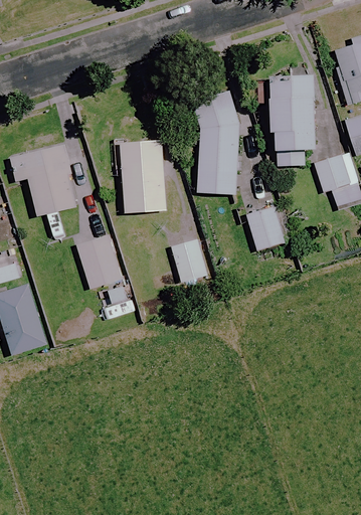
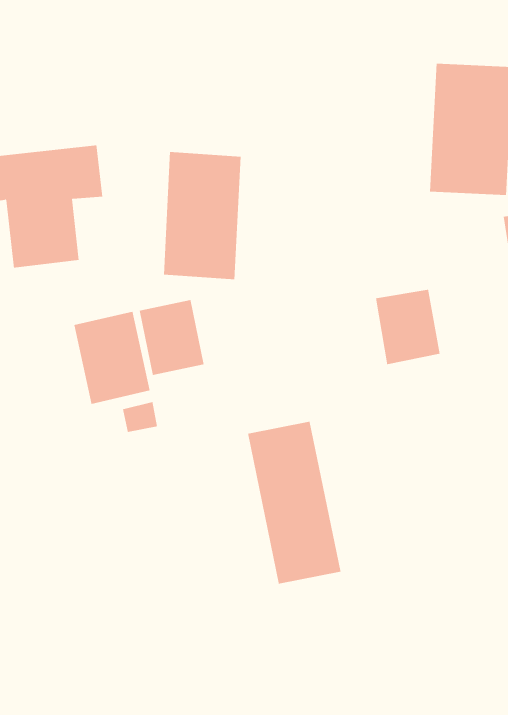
building: [196,92,241,195] -> none
building: [169,238,209,284] -> [139,299,205,375]
building: none -> [247,421,341,585]

